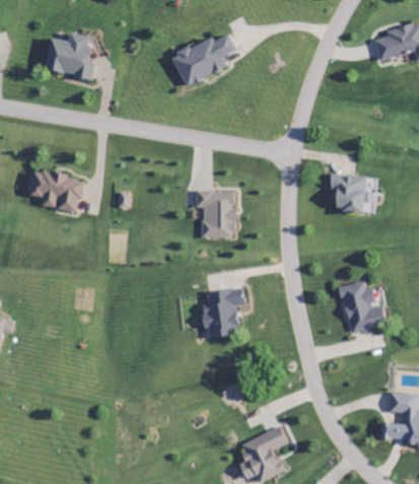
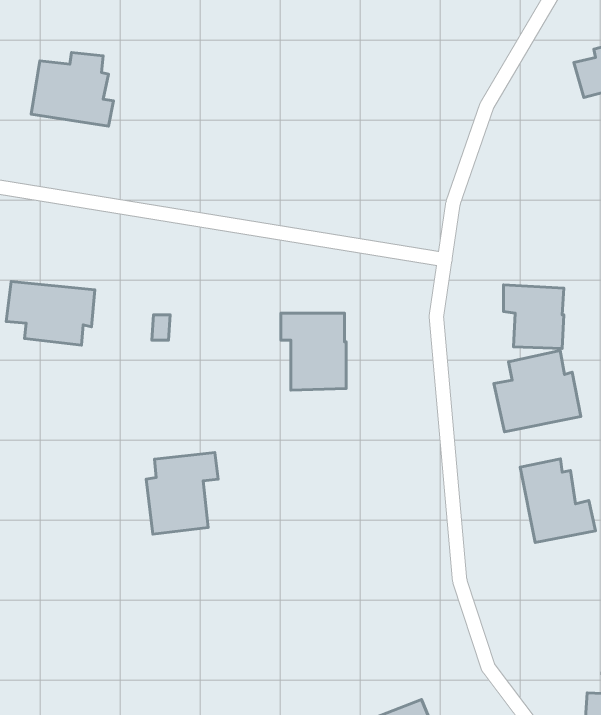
building: [170,33,236,88] -> none
building: none -> [494,350,581,432]
building: [202,287,246,337] -> [146,452,218,534]

